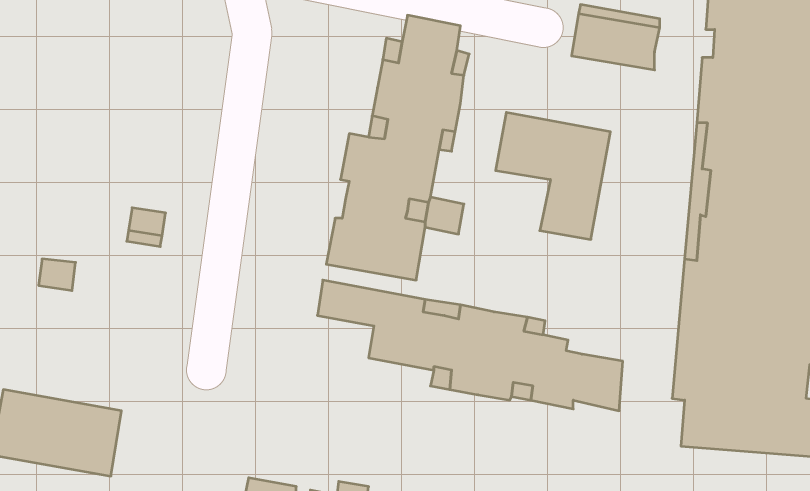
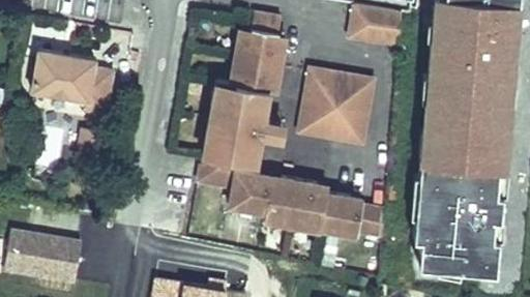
building: none -> [41,44,121,110]
building: none -> [300,102,337,138]

